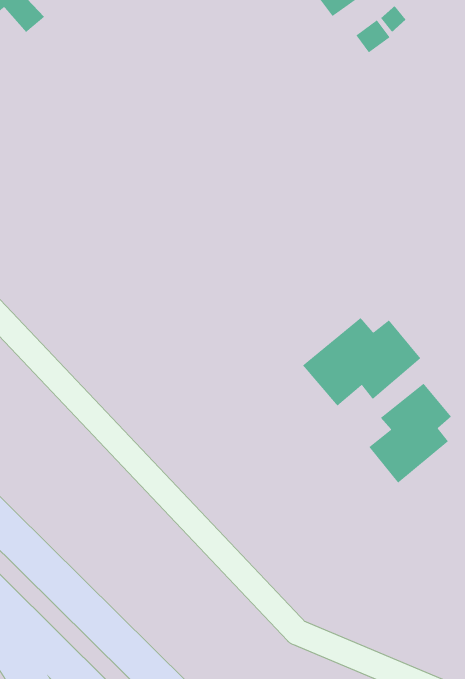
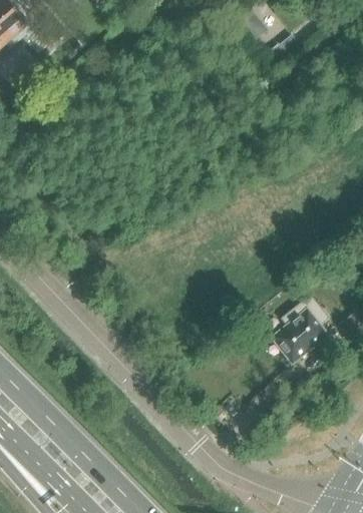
building: [302,317,421,406] -> none

